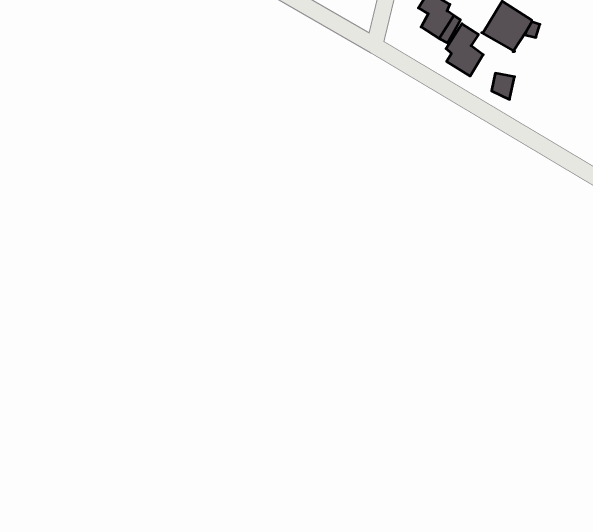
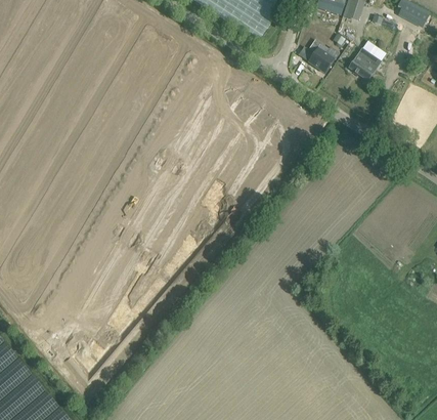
building: [446,24,483,76] -> none

